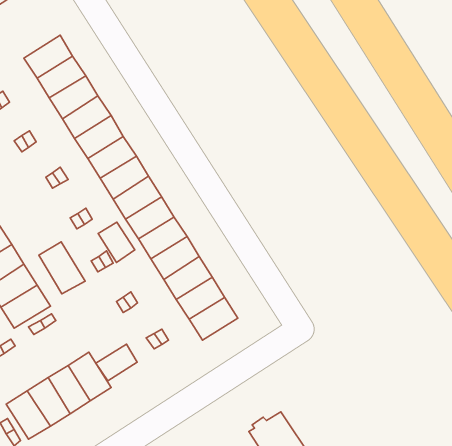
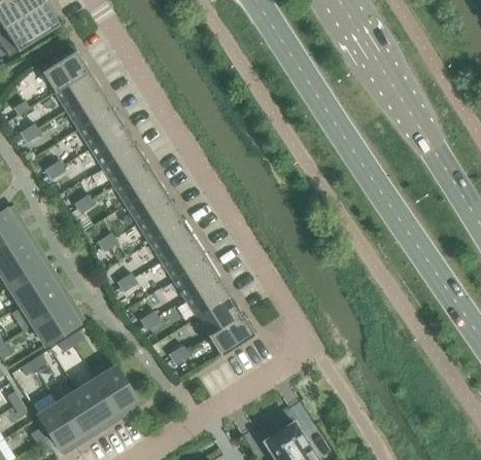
building: none -> [42,51,89,93]
building: [98,222,135,262] -> none
building: [39,242,85,294] -> none
building: [96,344,137,381] -> none

